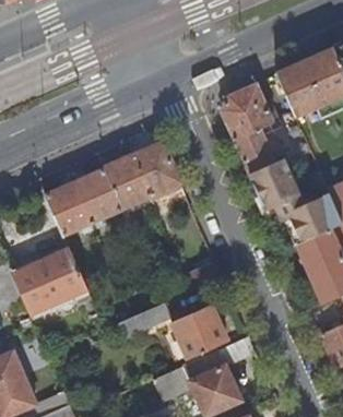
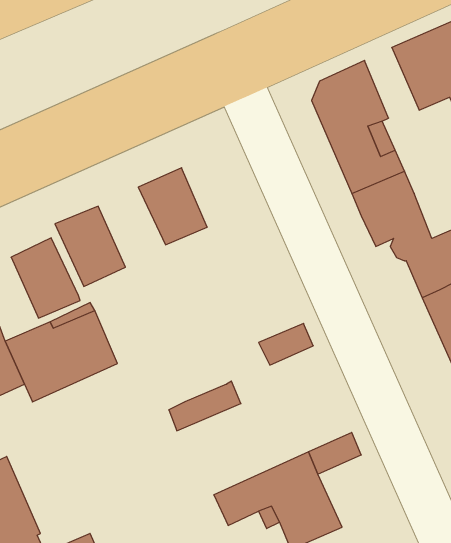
building: [132,141,180,195] -> none
building: [75,168,122,223] -> [11,238,80,318]
building: [175,310,225,355] -> none

